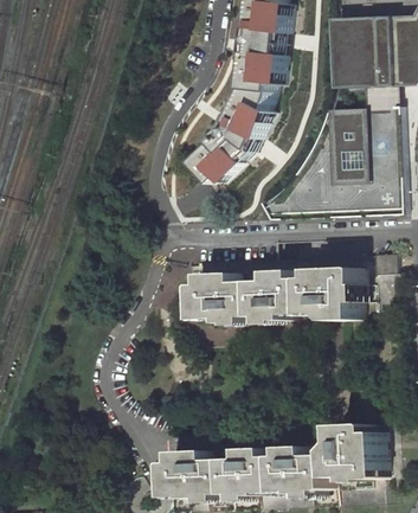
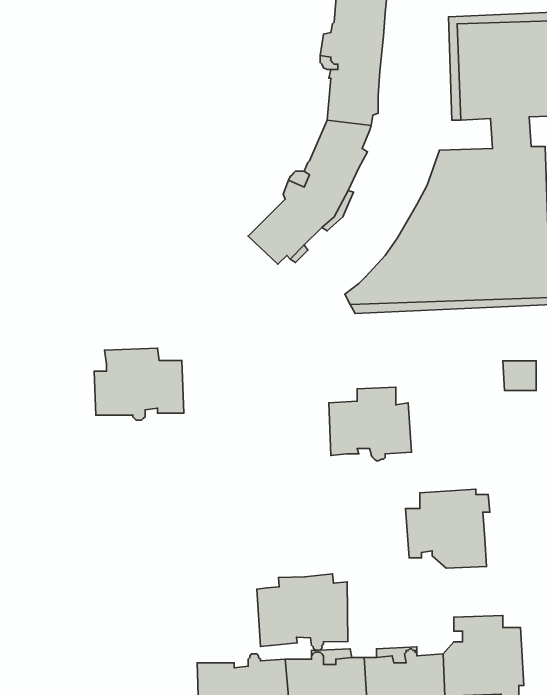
building: [302,267,359,320] -> [406,489,490,568]
building: [189,271,250,320] -> [94,348,184,420]
building: none -> [257,574,348,650]

